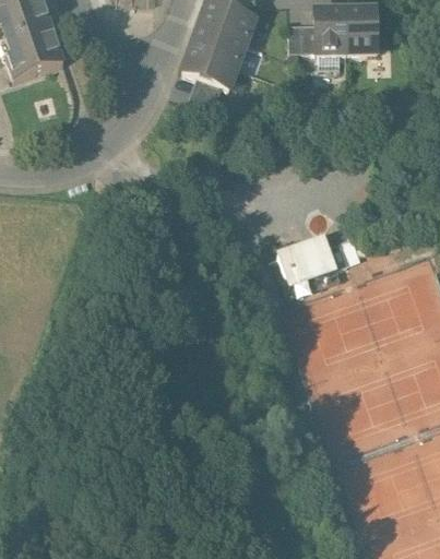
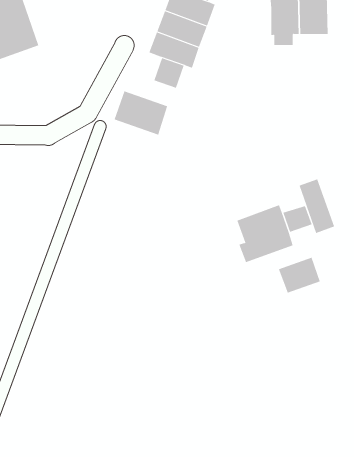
building: [289,20,316,47] -> none
building: none -> [114,91,168,135]
building: none -> [299,178,335,234]
building: none -> [278,257,320,293]

